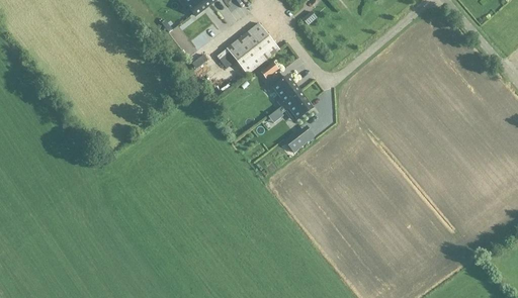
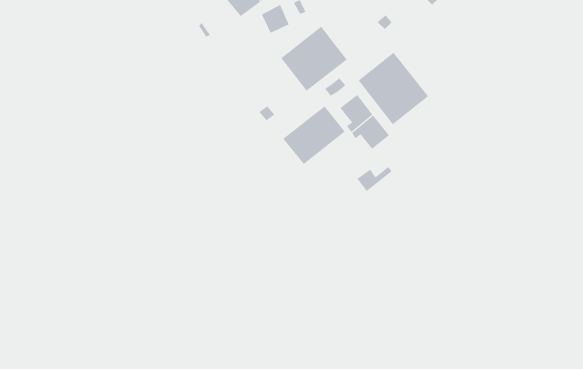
building: none -> [358,52,429,125]
building: none -> [283,106,345,165]

